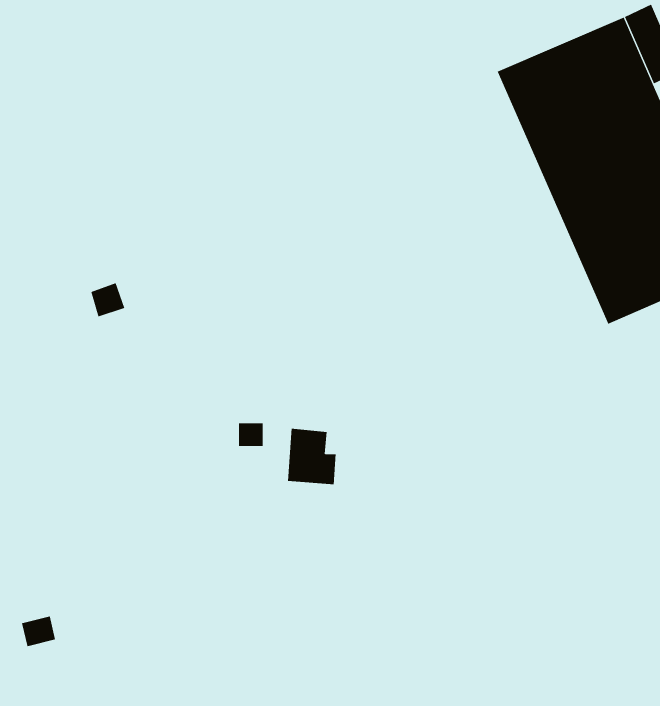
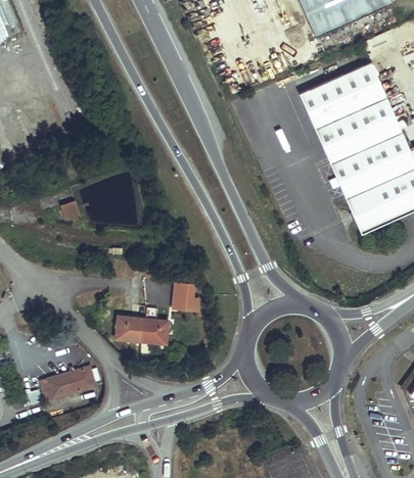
building: none -> [121,315,176,346]
building: none -> [46,371,102,405]

